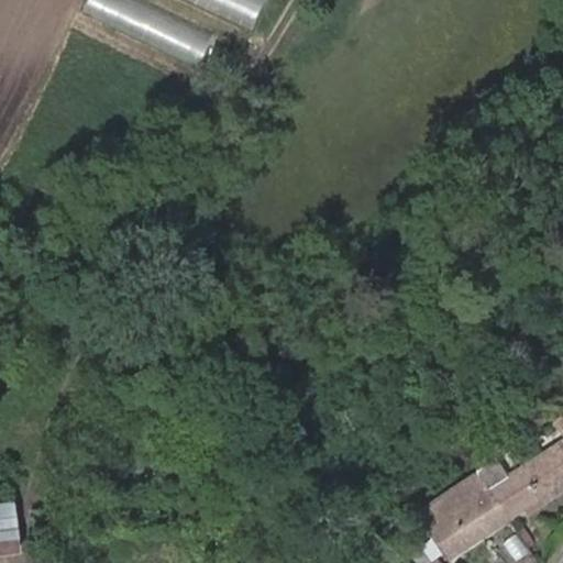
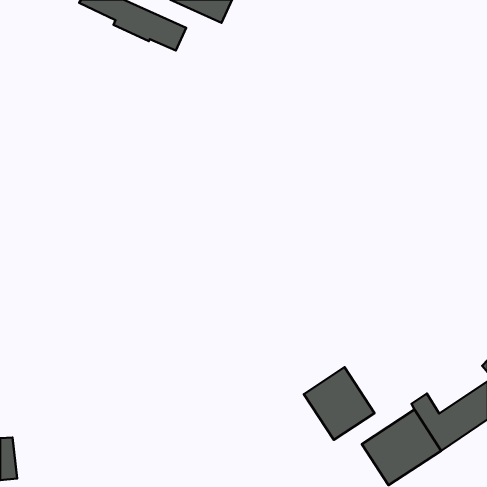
building: none -> [304,367,375,440]

